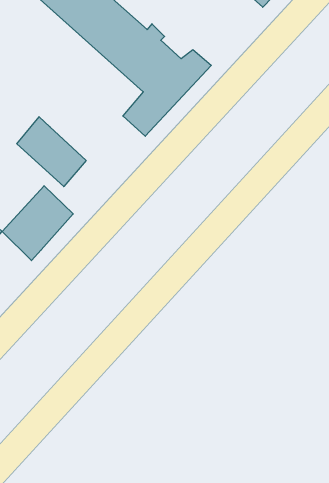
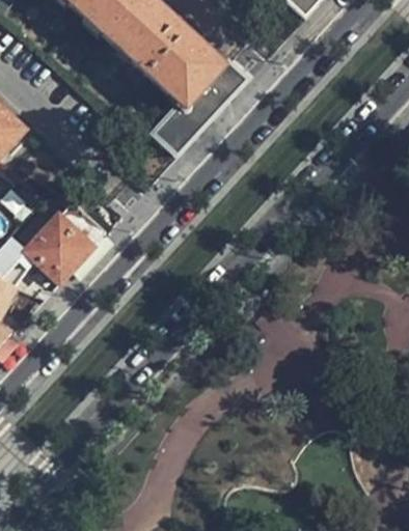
building: [17,117,86,187] -> none

